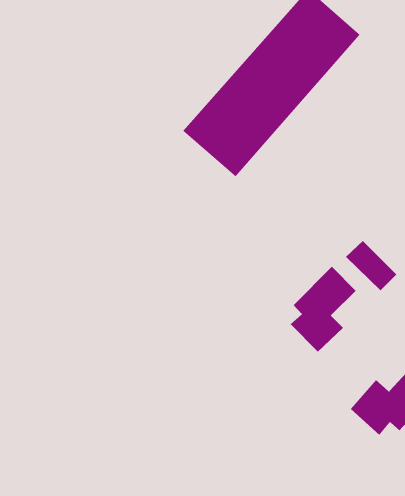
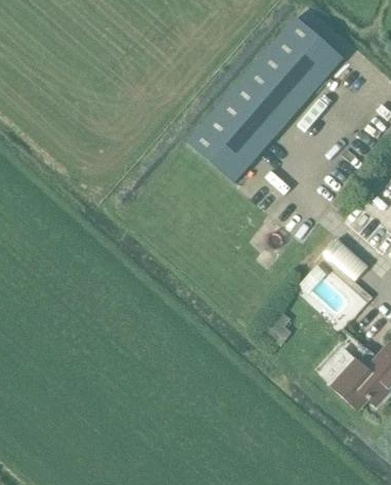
building: [290,266,356,352] -> none

